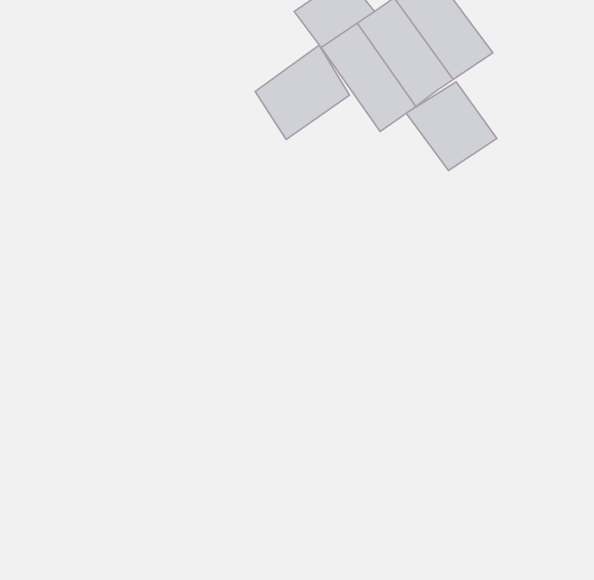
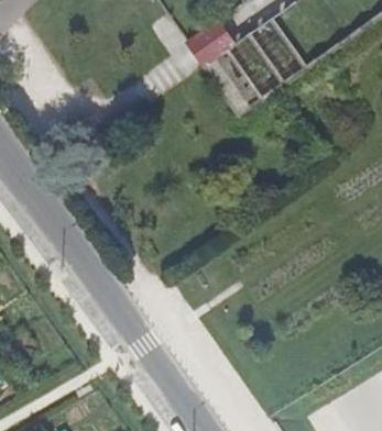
building: [255,45,350,140] -> none
building: [406,82,497,171] -> none

